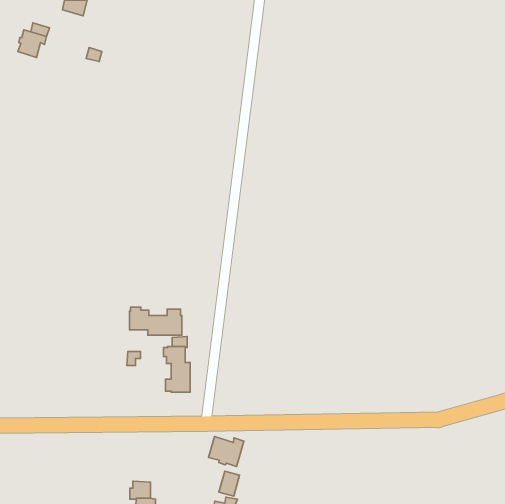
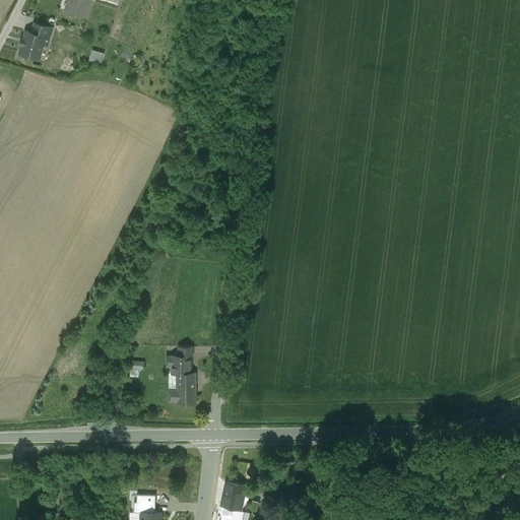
building: [130,307,182,335] -> none
building: [209,436,244,467] -> none

